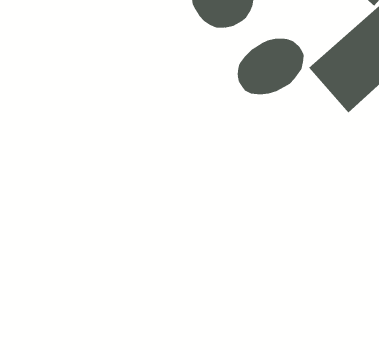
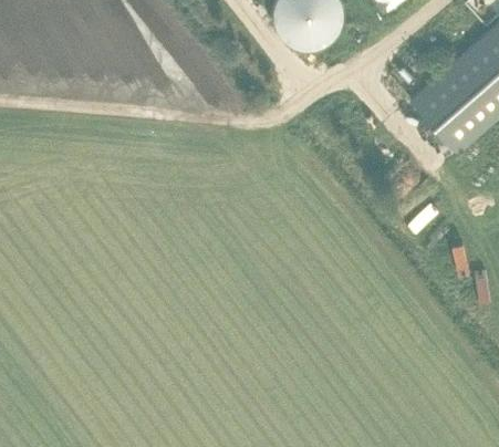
building: [237,38,304,95] -> none

